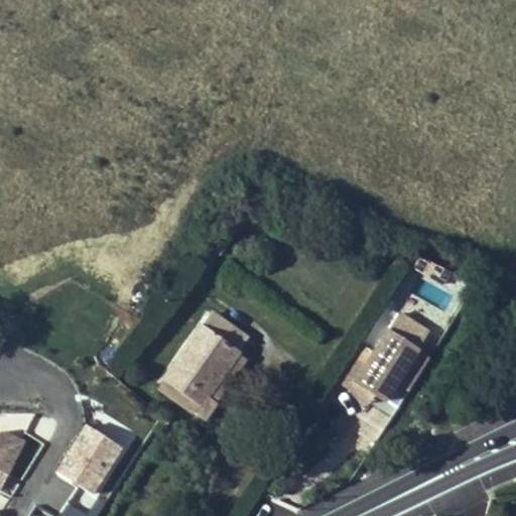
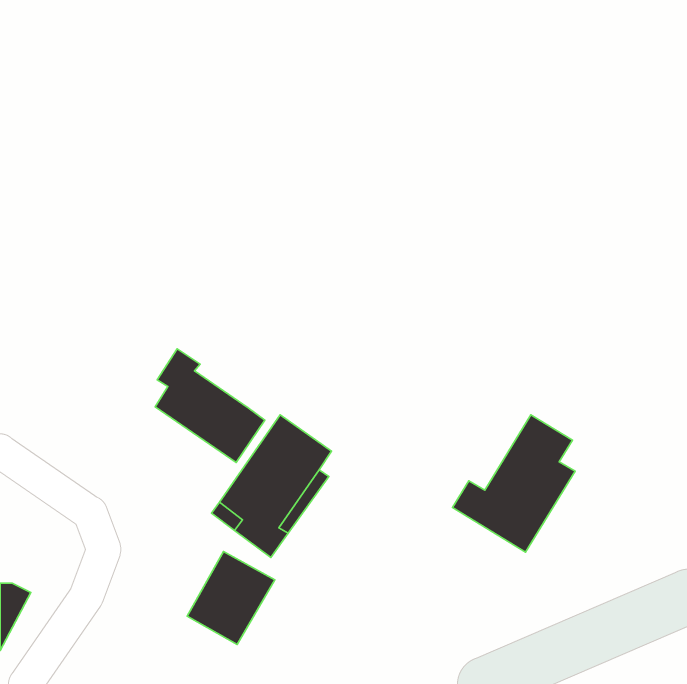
building: none -> [155,349,265,463]
building: [55,425,121,495] -> [187,552,275,644]

